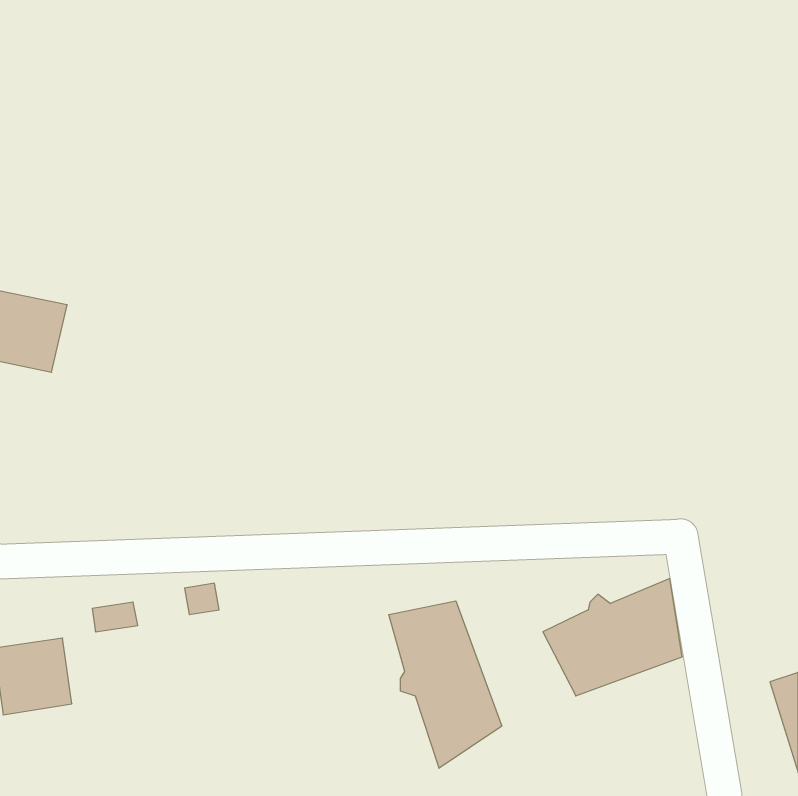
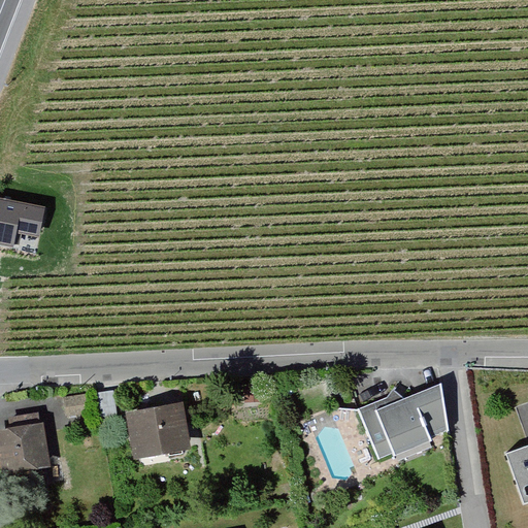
building: [389,601,502,768] -> none
building: none -> [128,403,189,461]

